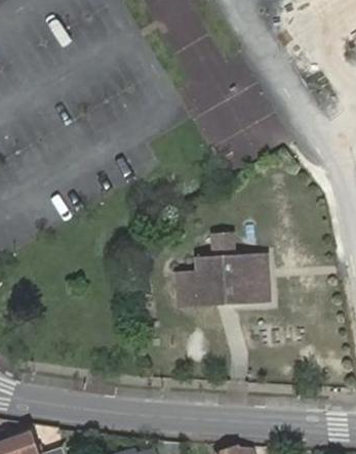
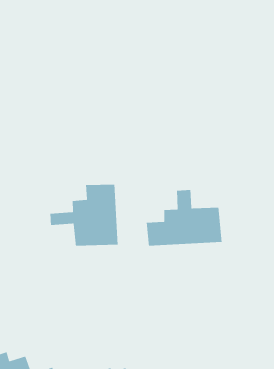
building: none -> [50,184,119,246]

